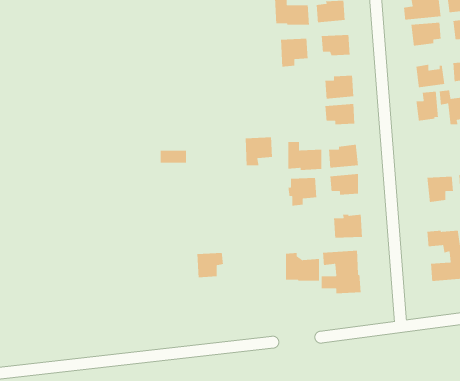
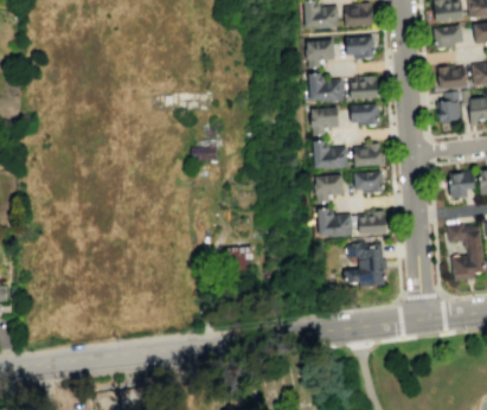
building: none -> [308,72,344,102]
building: [245,137,273,166] -> [312,107,339,135]
building: [285,252,320,282] -> [318,207,351,236]

